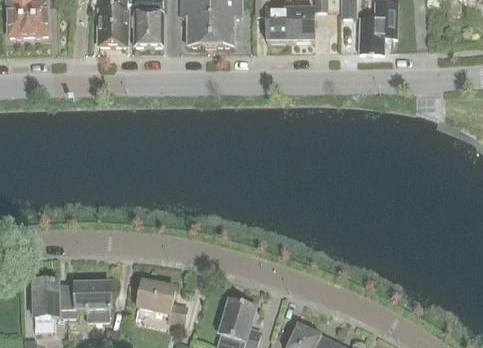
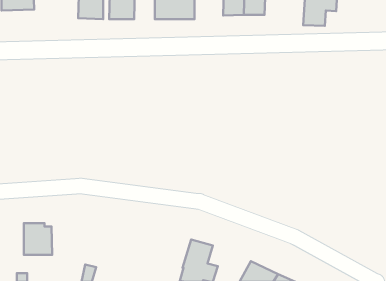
building: [137,281,188,323] -> none
building: [67,283,112,320] -> none

